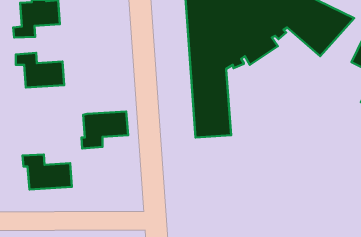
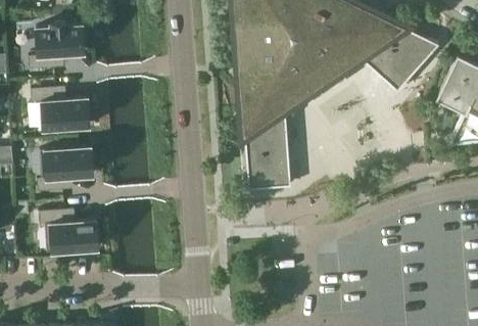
building: [81,111,128,149] -> [37,147,93,192]

